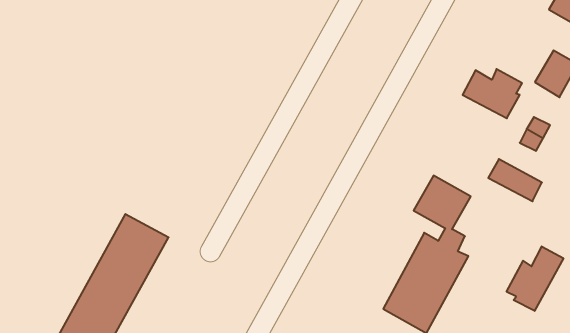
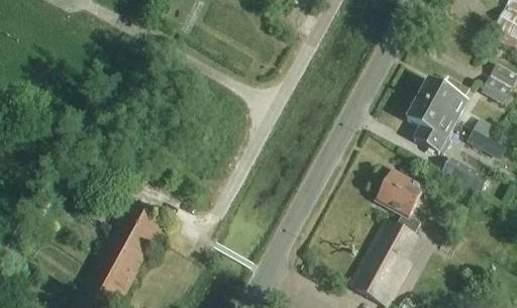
building: none -> [407,101,456,155]
building: [507,246,563,311] -> none

